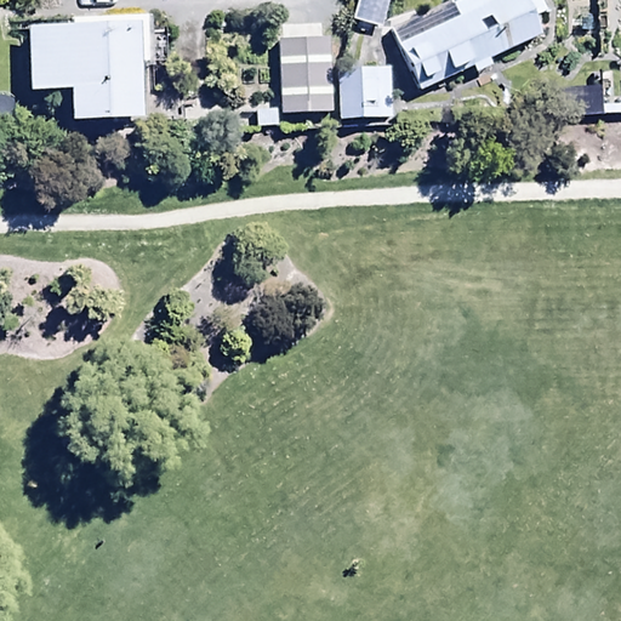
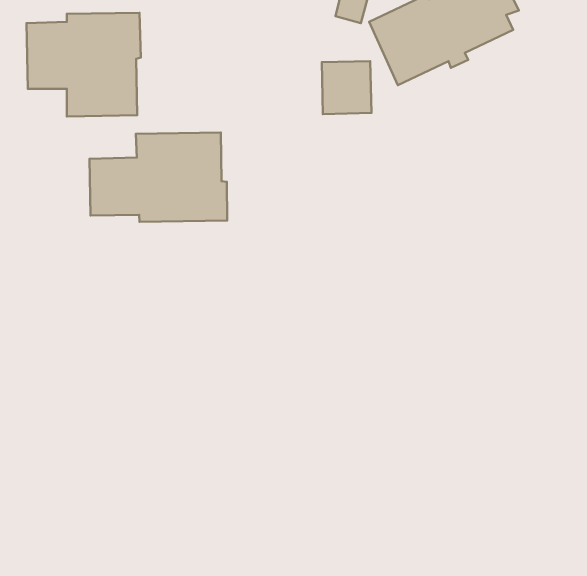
building: [280,18,335,113] -> none
building: none -> [90,133,227,222]

